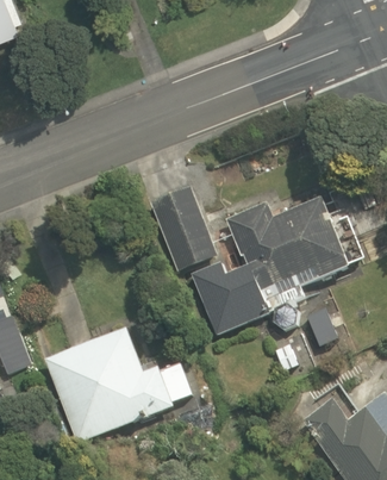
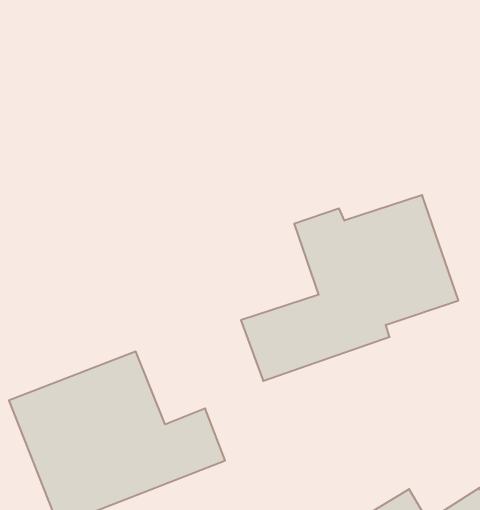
building: [155,183,224,288] -> none

